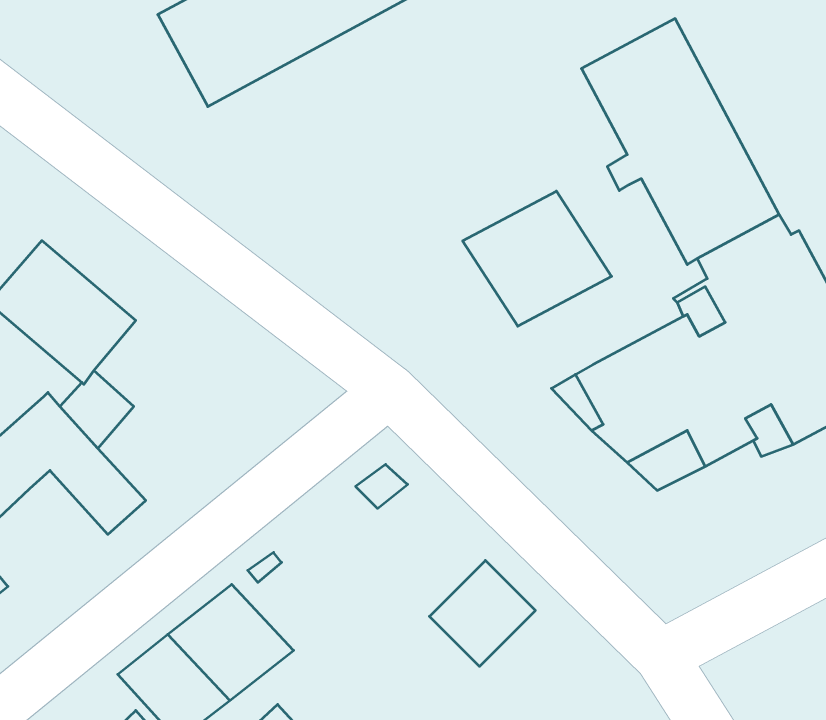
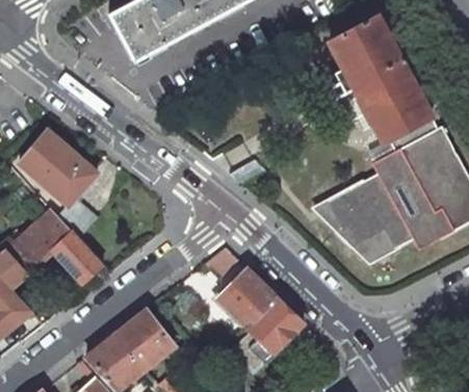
building: [463,191,612,326] -> none
building: none -> [218,268,278,326]

